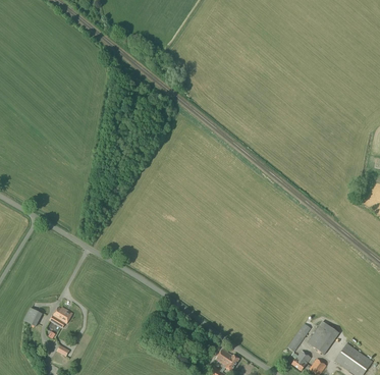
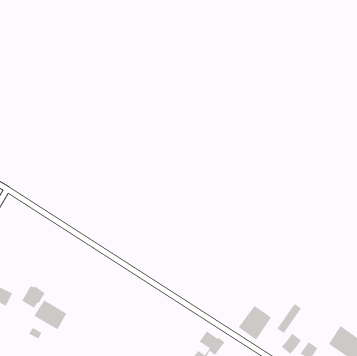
building: none -> [33,299,67,330]
building: [307,321,338,354] -> [238,305,272,340]

